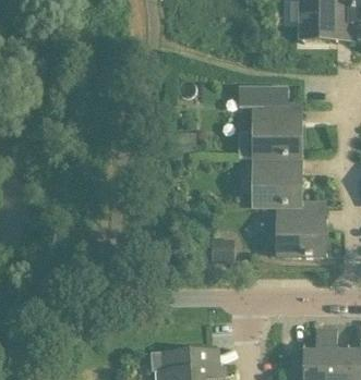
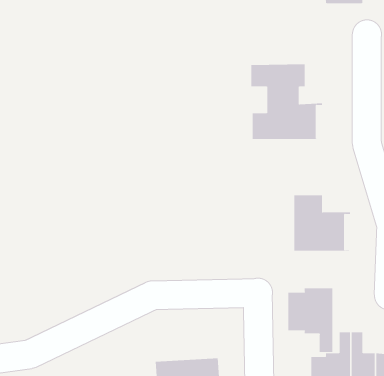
building: [252,156,302,206] -> none
building: none -> [288,288,333,353]

